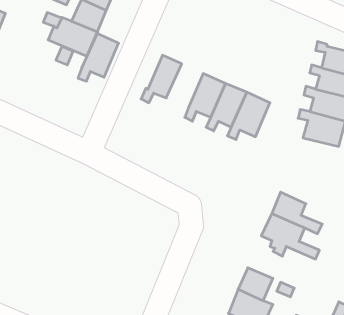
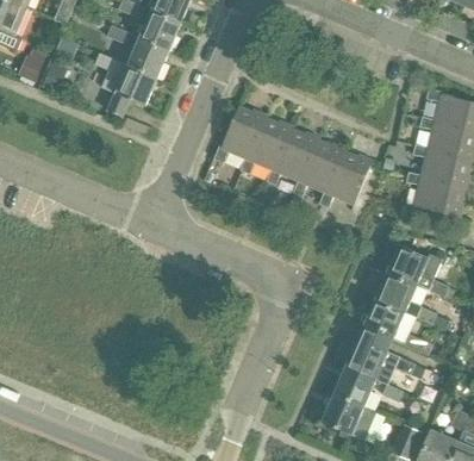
building: [78,34,119,81] -> [239,116,289,174]
building: none -> [385,244,448,297]
building: none -> [344,326,413,379]

